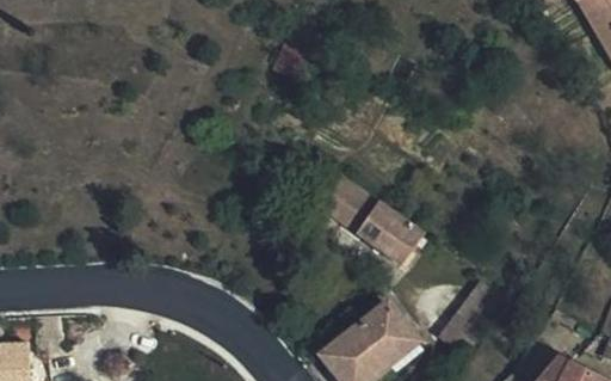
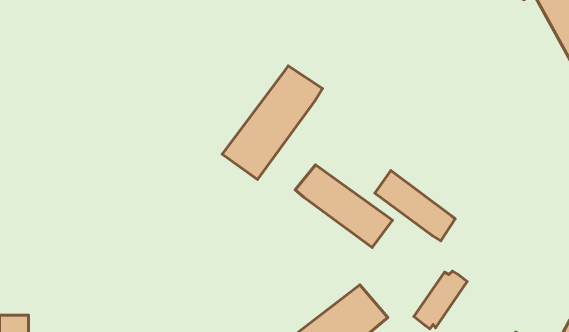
building: none -> [222,66,322,179]
building: none -> [375,171,455,241]

